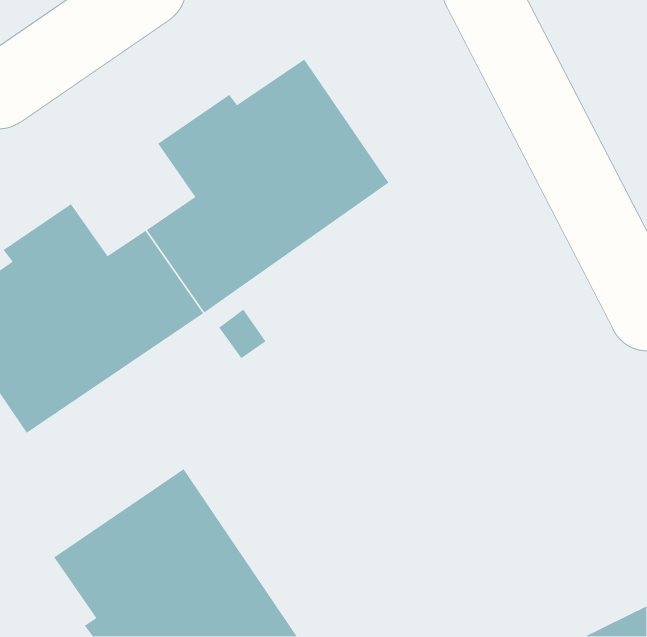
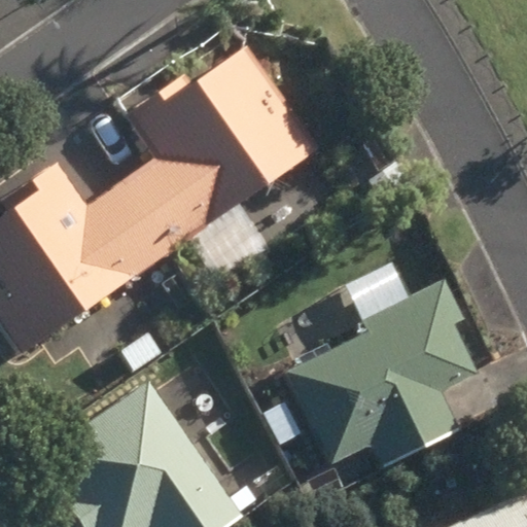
building: none -> [287,279,478,468]

